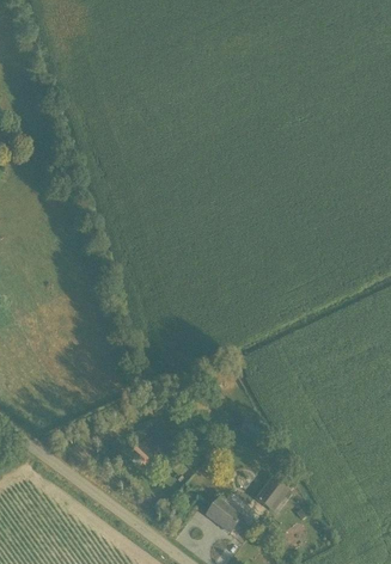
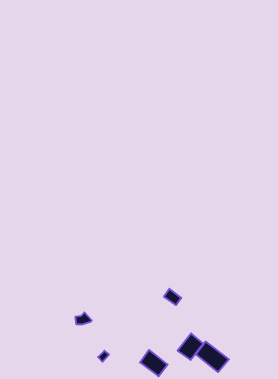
building: none -> [196,342,229,372]

